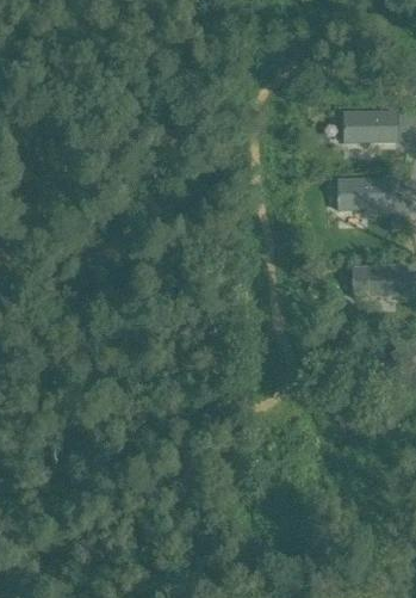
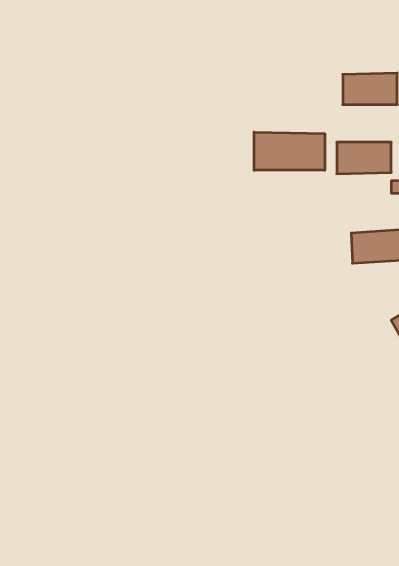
building: none -> [254,132,325,170]

